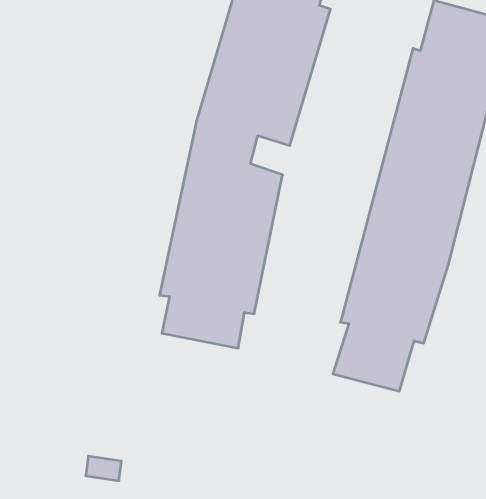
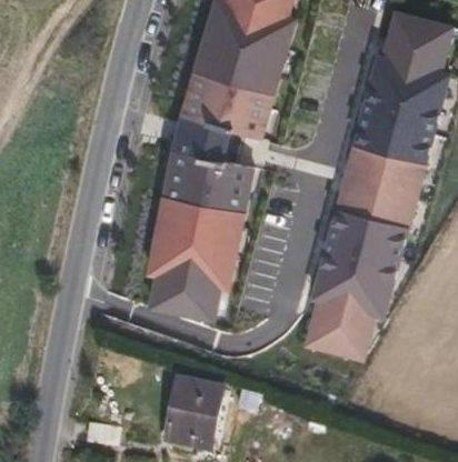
building: none -> [158,376,215,449]

